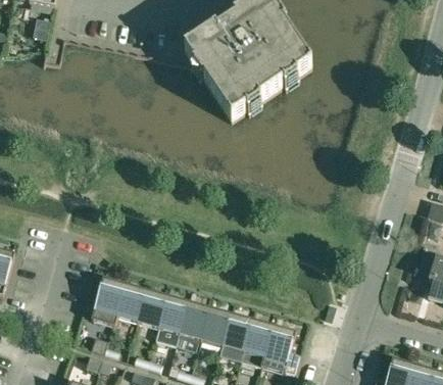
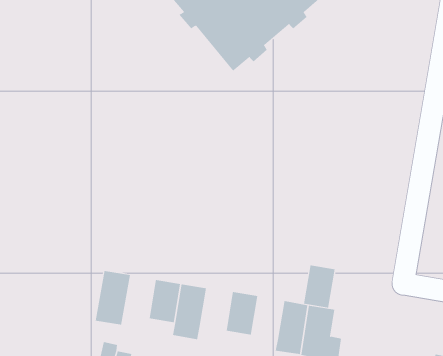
building: [113,285,146,327] -> none
building: [180,303,210,341] -> none
building: [223,315,253,353] -> [303,265,335,308]

